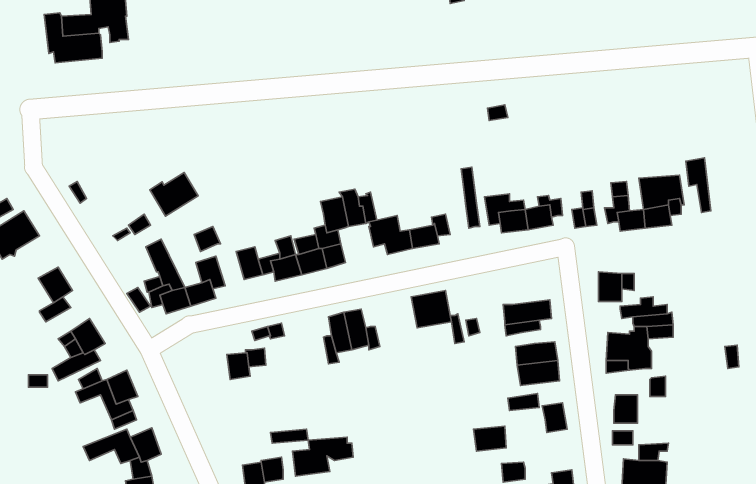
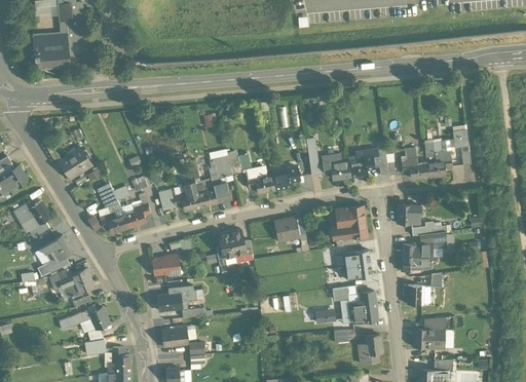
building: [150,173,198,216] -> [60,150,91,179]
building: none -> [13,201,38,232]
building: none -> [338,205,365,226]
building: none -> [349,302,377,322]
building: [292,437,353,476] -> [157,285,197,311]

